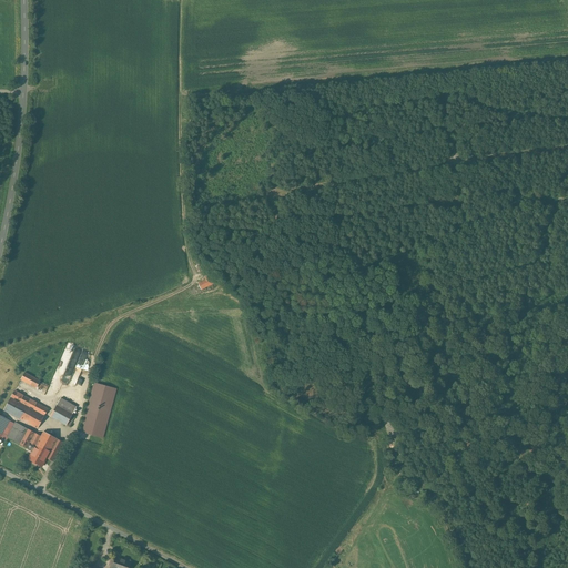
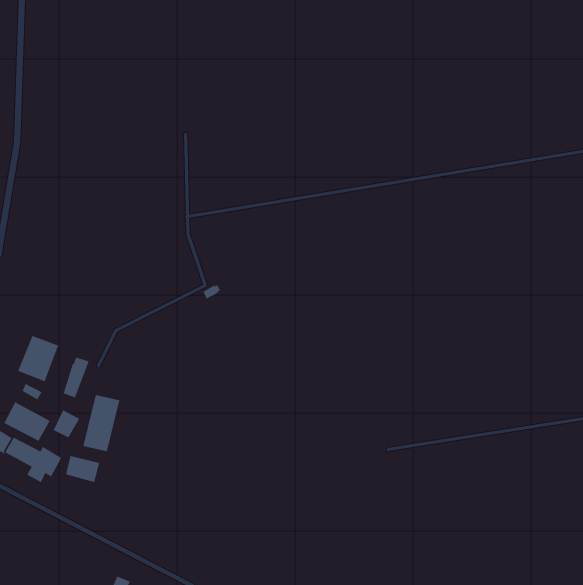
building: none -> [18,335,59,382]
building: none -> [66,455,100,483]

